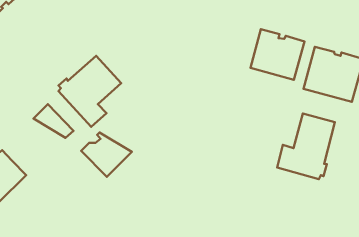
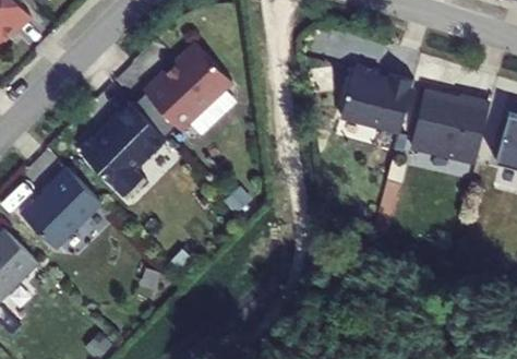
building: none -> [143,45,231,130]
building: [277,114,335,179] -> none
building: [81,132,132,177] -> [21,187,89,247]

